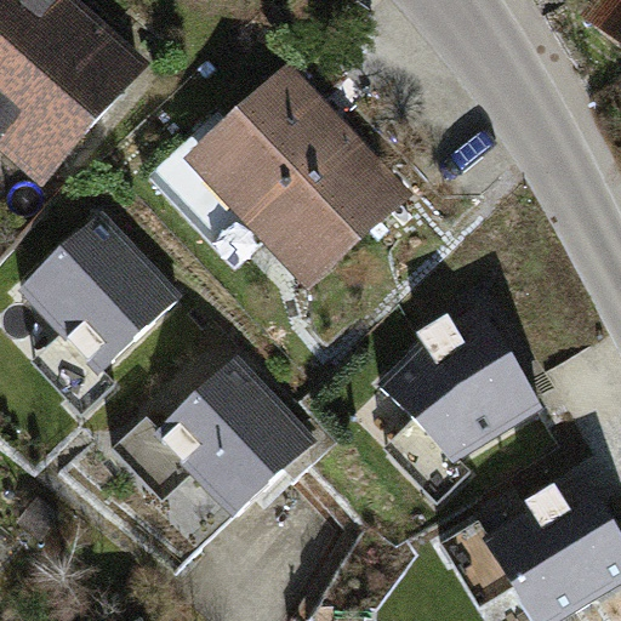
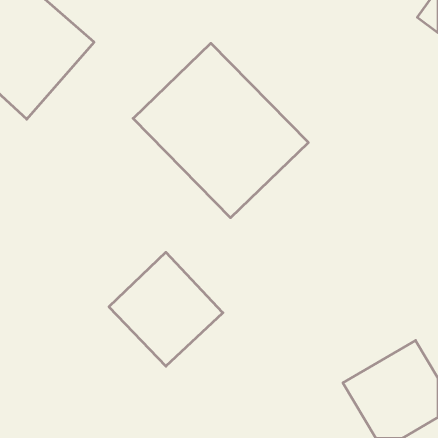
building: [19,213,178,371] -> none
building: [377,308,542,463] -> none

